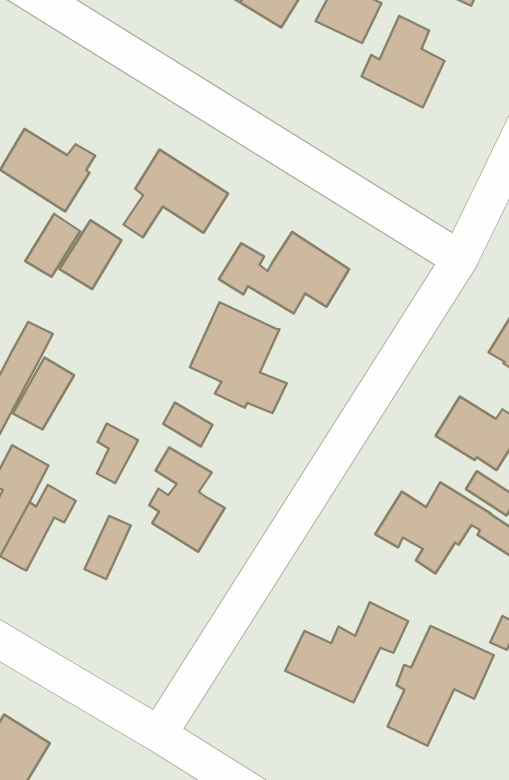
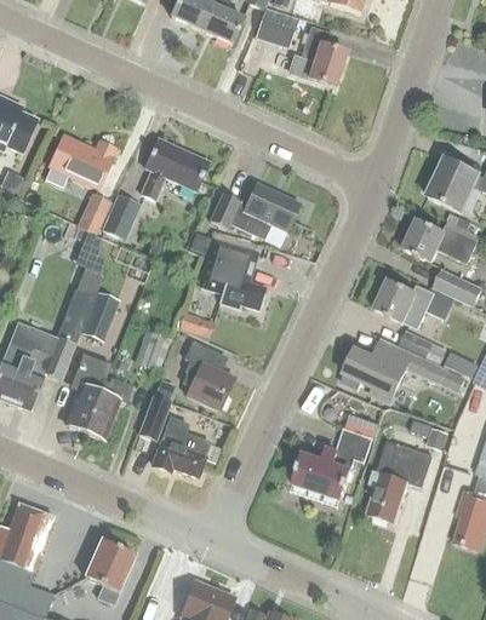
building: none -> [153,417,208,476]

